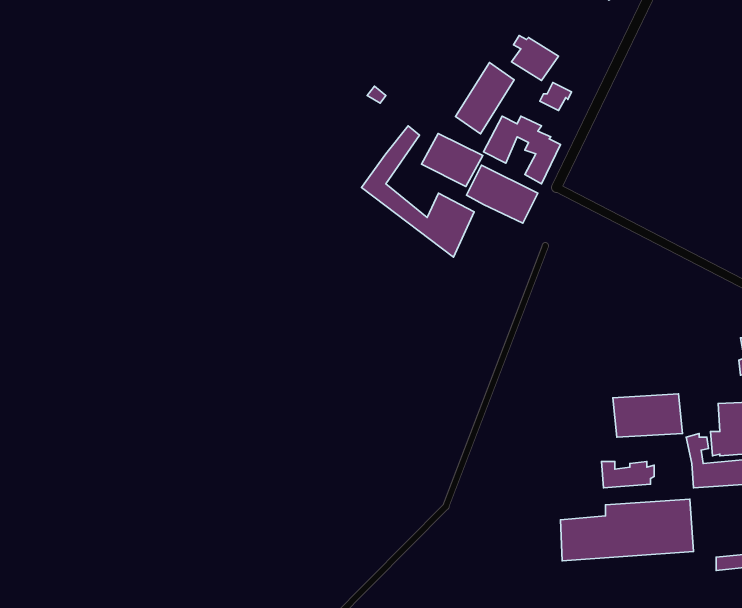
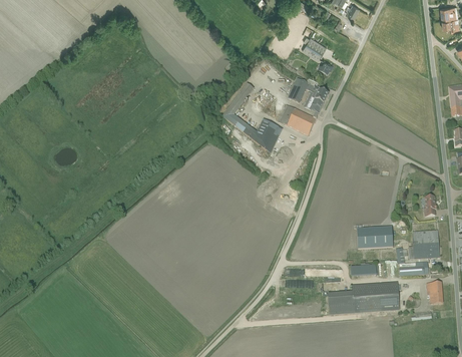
building: [456,62,514,134] -> none
building: [421,133,483,187] -> none

